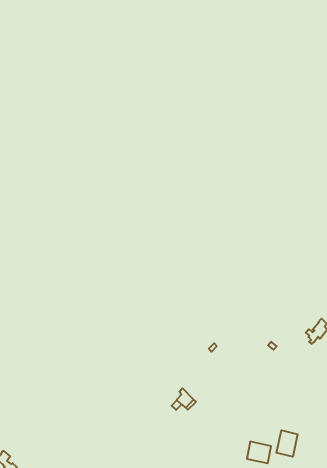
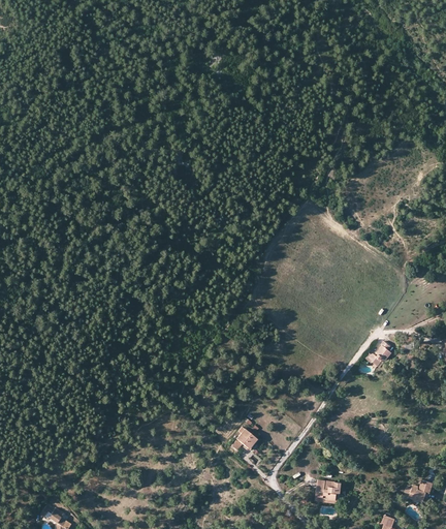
building: [277,430,298,457] -> none

